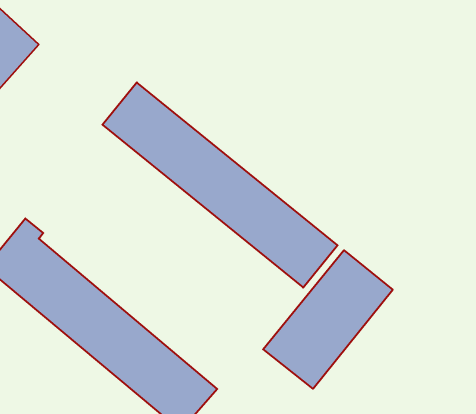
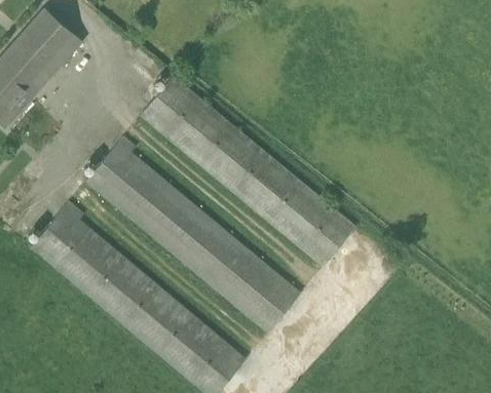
building: none -> [86,134,302,333]
building: [263,250,393,389] -> none

